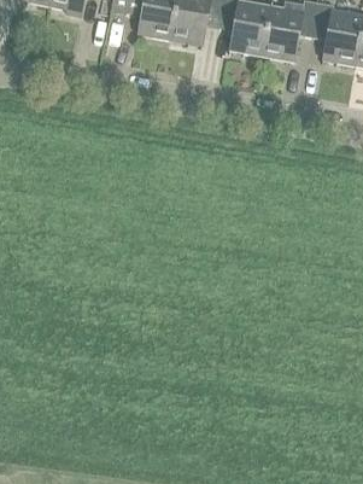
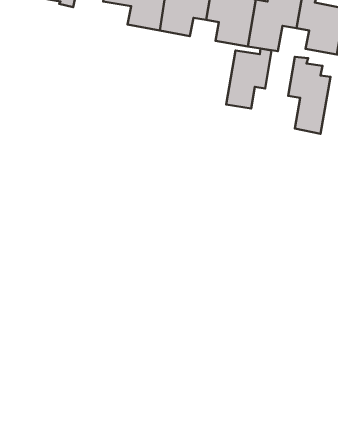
building: none -> [226,49,272,109]
building: none -> [288,57,331,134]

